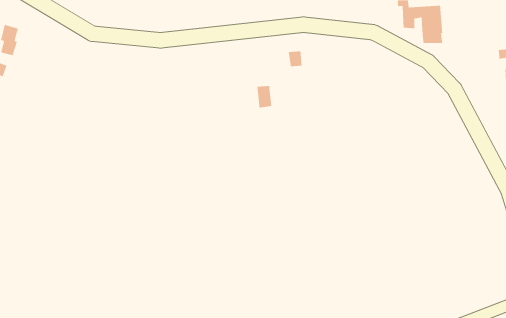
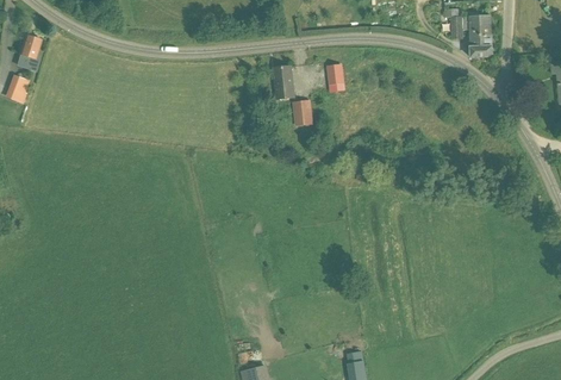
building: none -> [273,67,293,99]

